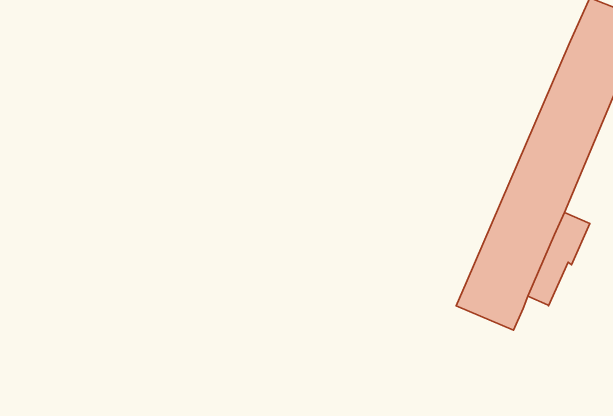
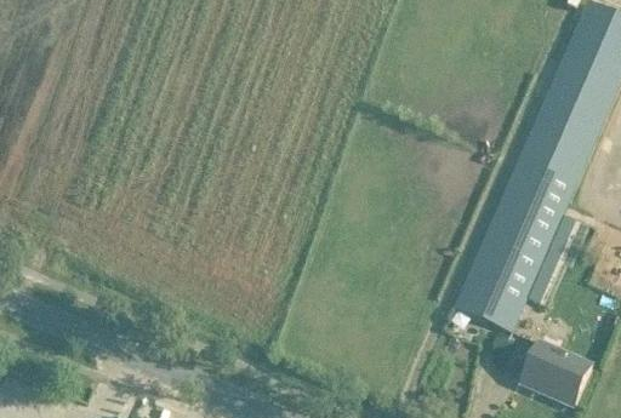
building: none -> [522,328,593,406]

